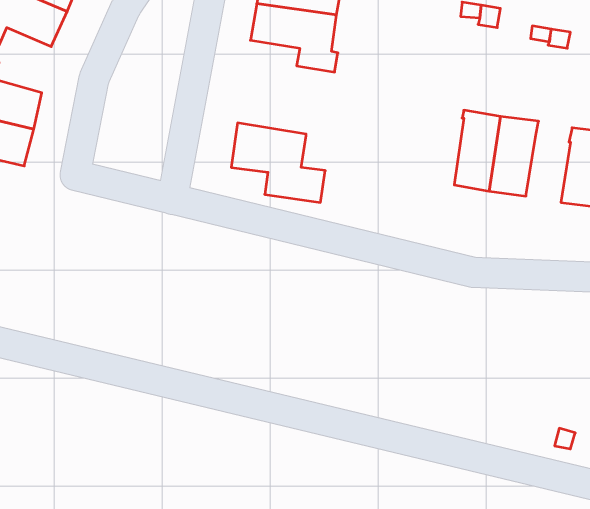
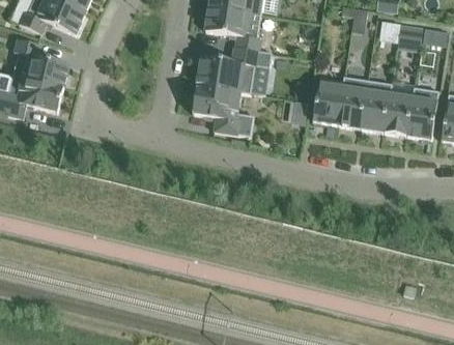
building: none -> [196,48,272,94]
building: none -> [312,78,343,125]
building: none -> [384,94,413,137]

